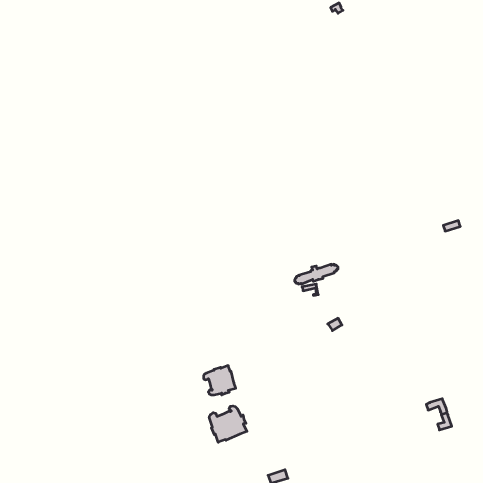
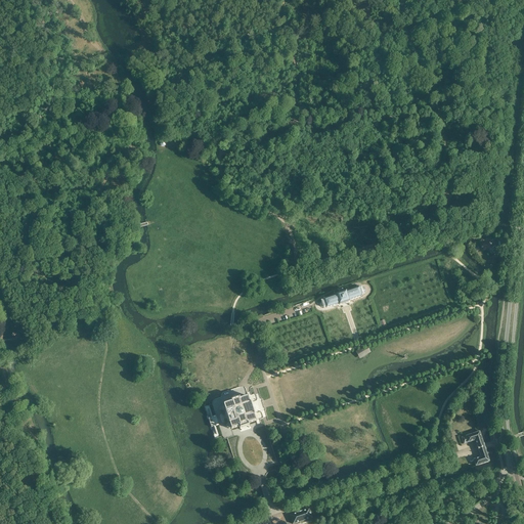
building: [209,406,247,442] -> none

